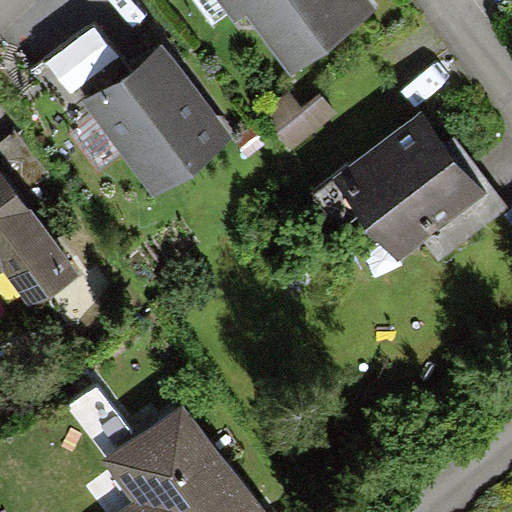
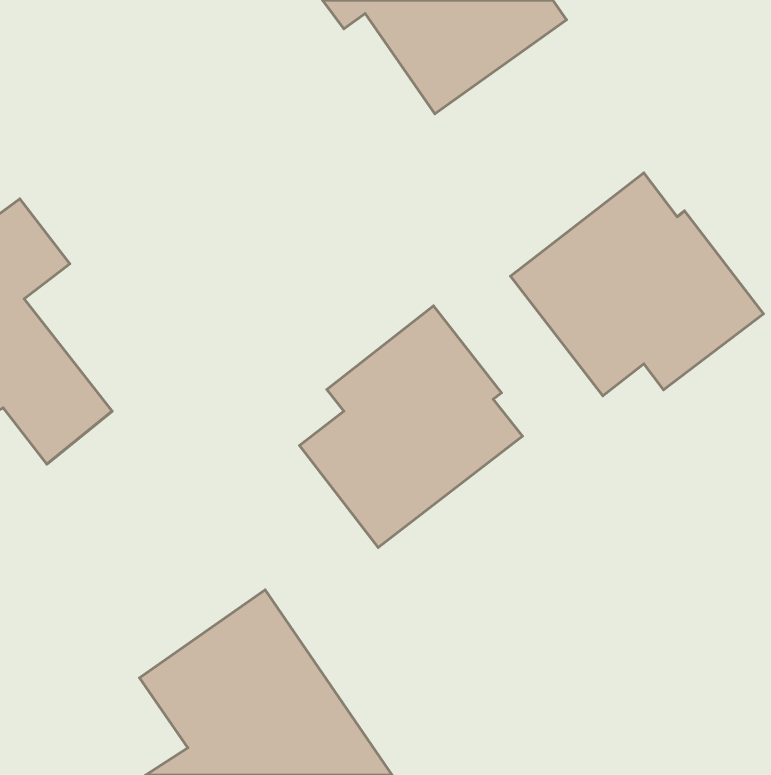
building: [36,28,233,194] -> none
building: none -> [300,306,522,548]

